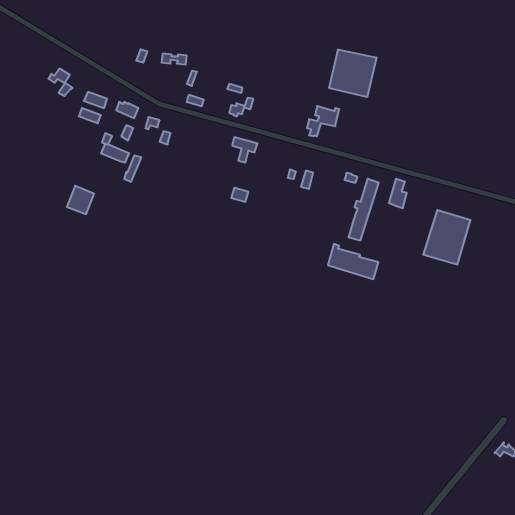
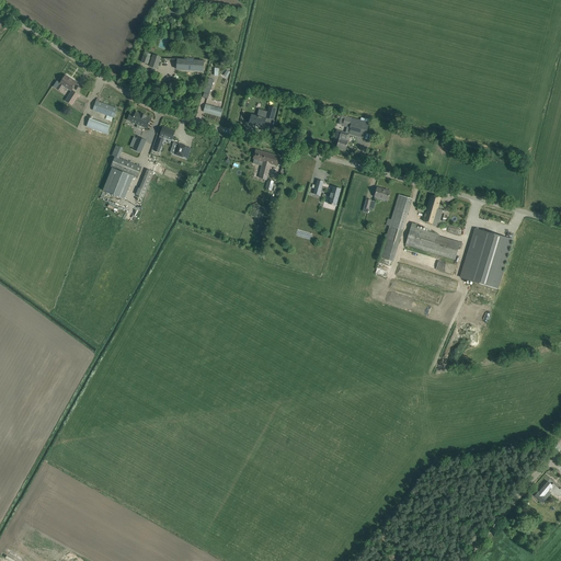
building: [329,49,377,97] -> none
building: [67,186,94,214] -> [102,167,131,197]
building: [328,244,378,279] -> [404,221,459,260]

